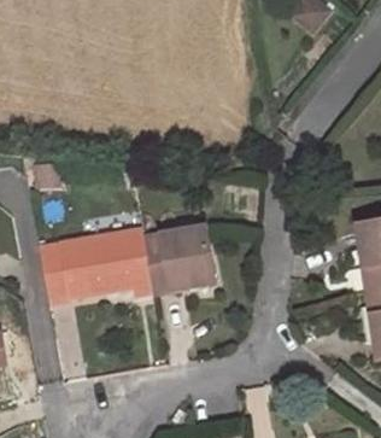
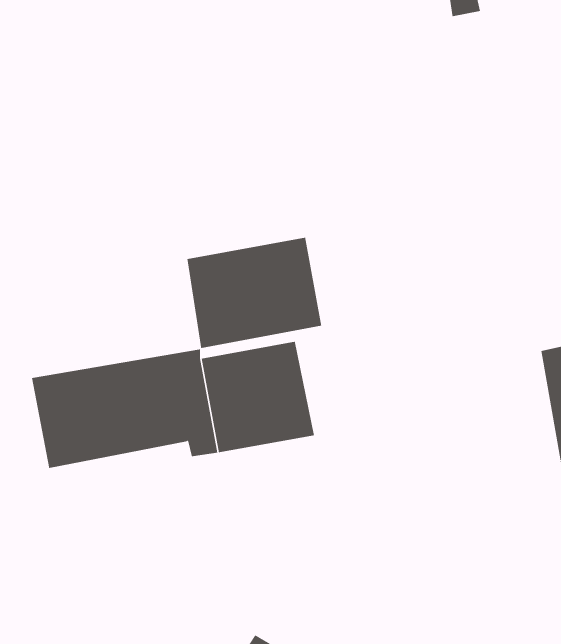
building: none -> [187,237,322,349]

